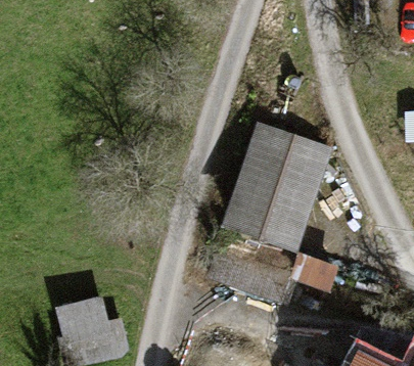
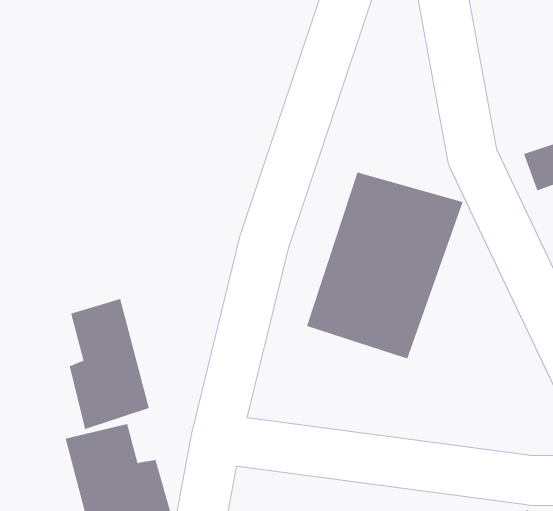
building: none -> [69,298,150,430]

